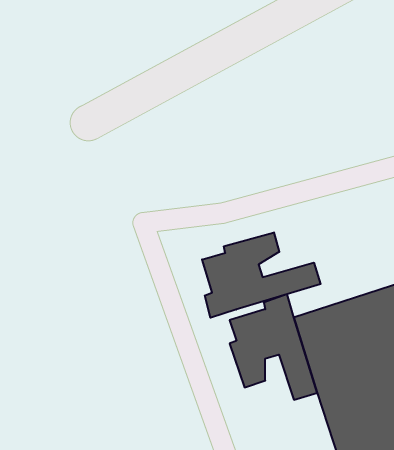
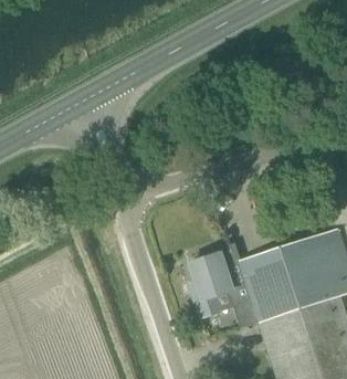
building: [202,232,321,318] -> none

